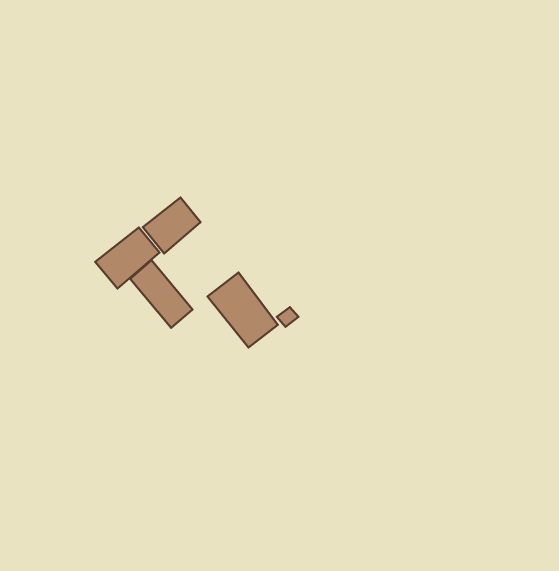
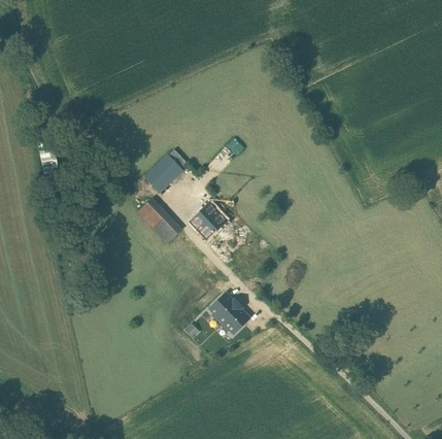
building: [95,228,160,288] -> none
building: none -> [209,291,249,332]

